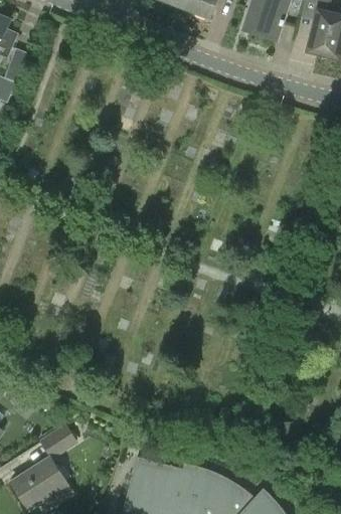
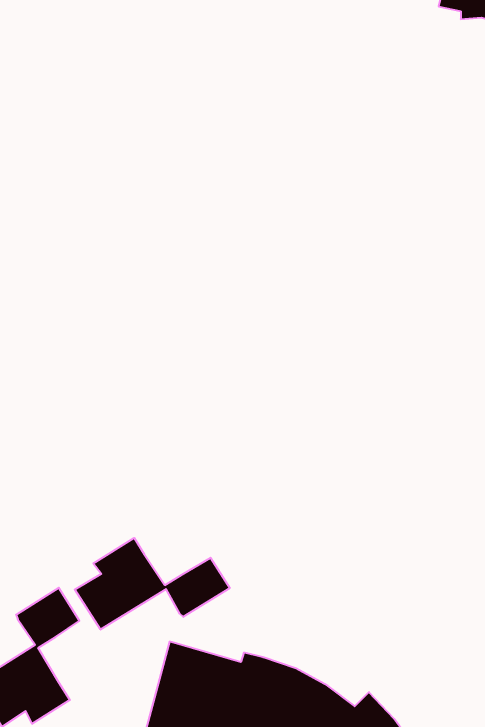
building: none -> [75,538,230,630]

